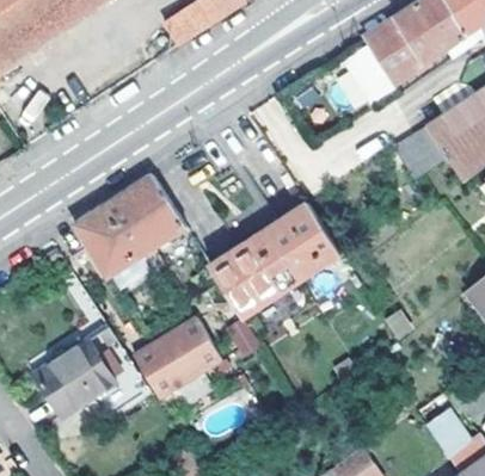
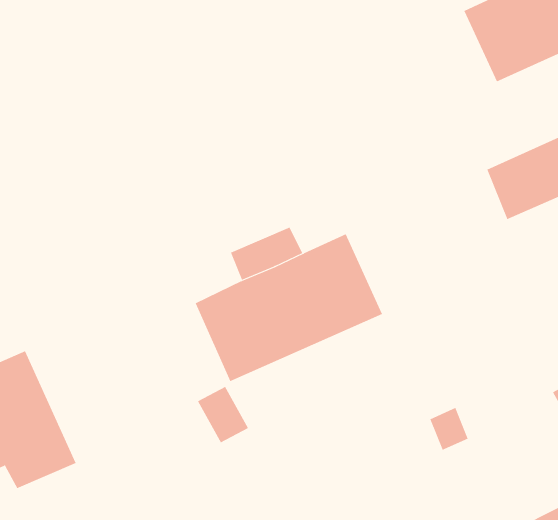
building: [75,174,185,276] -> none
building: [130,319,220,400] -> none

